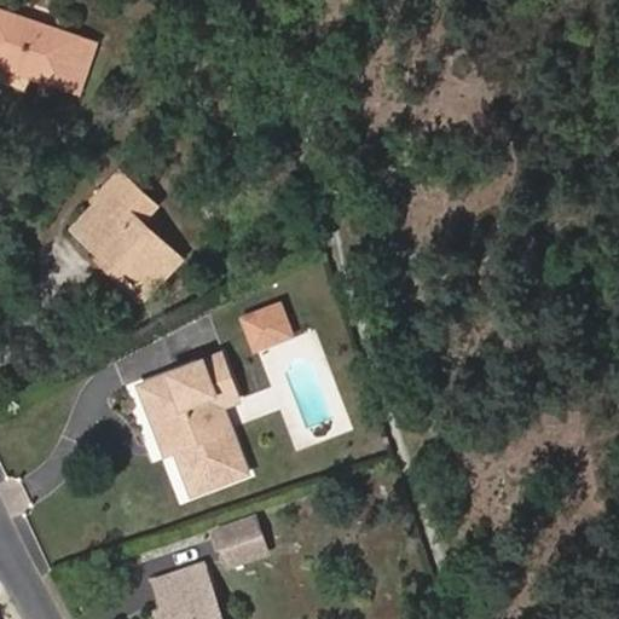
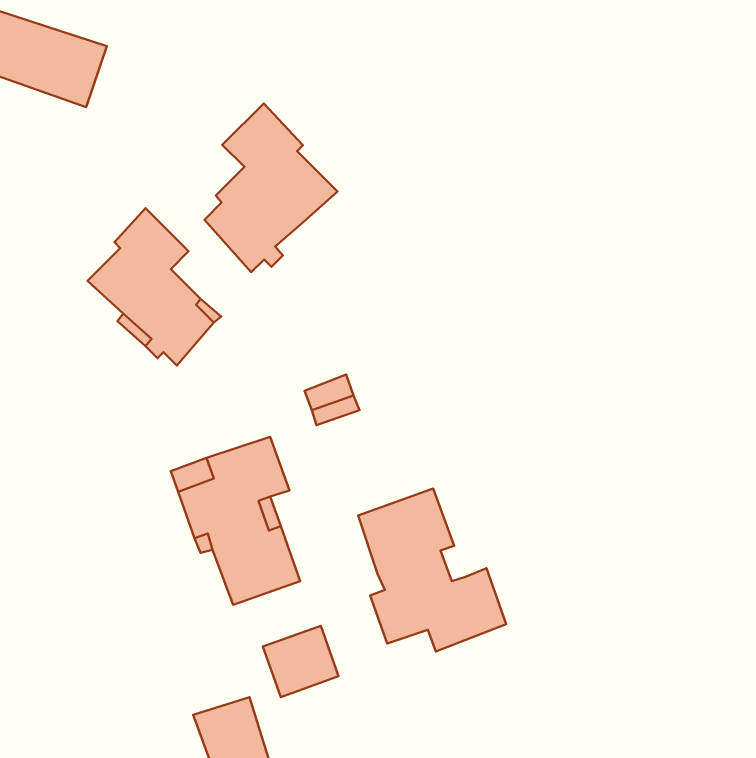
building: none -> [204,103,338,272]
building: none -> [358,489,506,652]

